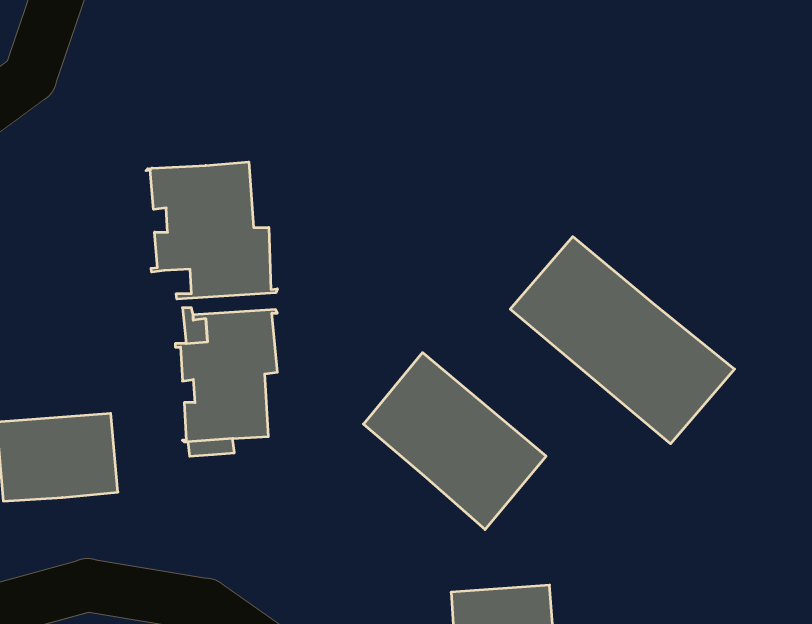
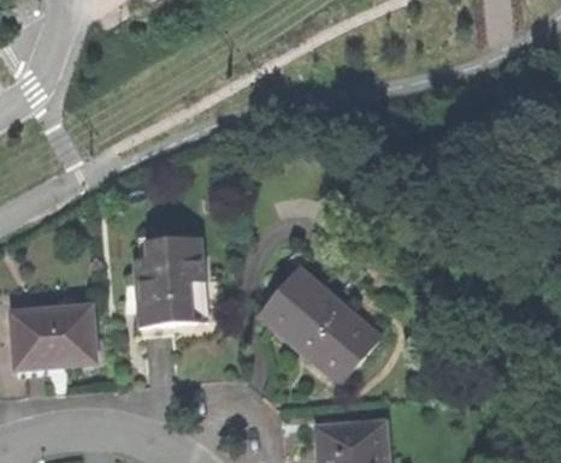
building: [146,162,277,299] -> none
building: [510,237,735,444] -> none

